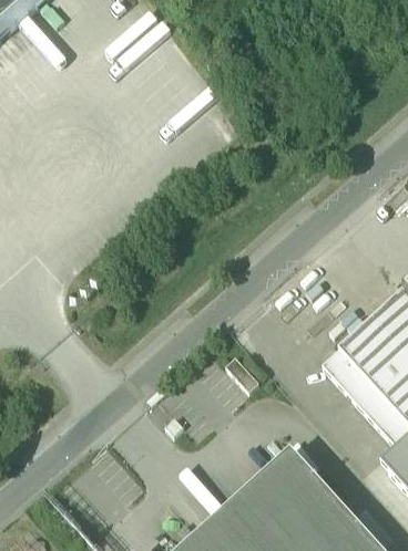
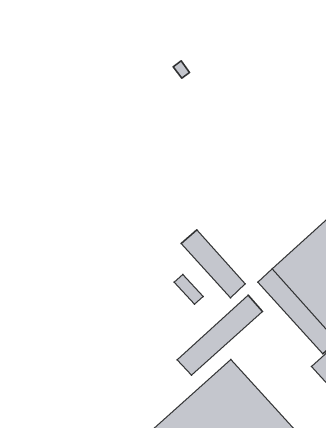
building: none -> [181,230,245,298]
building: none -> [177,295,263,375]

